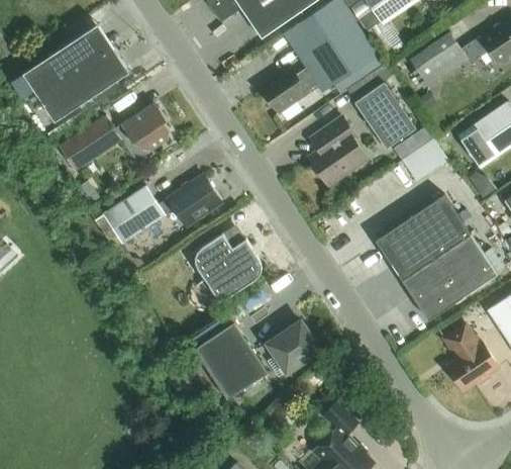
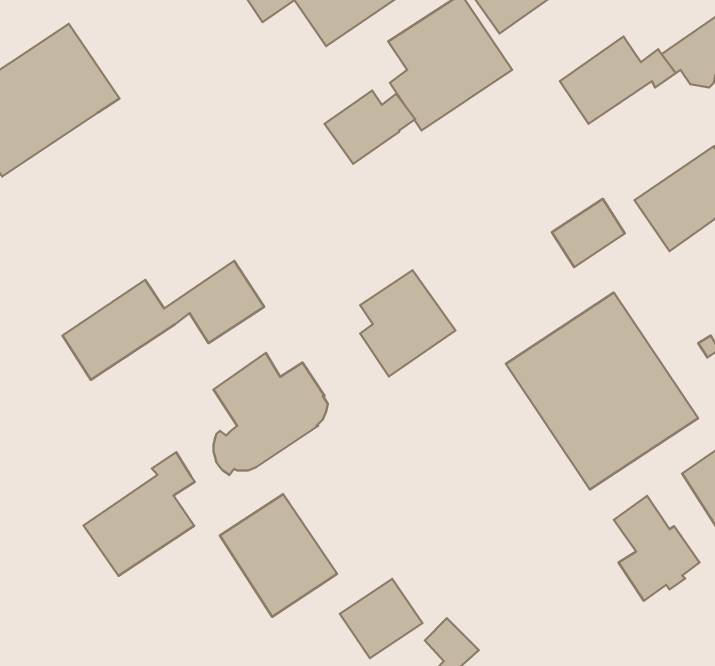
building: [354,81,417,149] -> none
building: [59,105,170,171] -> none
building: [310,117,371,185] -> [360,270,456,377]
building: none -> [84,452,195,576]
building: [268,321,320,372] -> [340,579,422,658]

